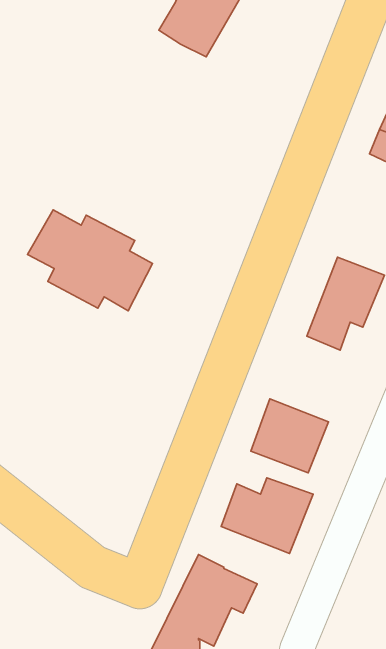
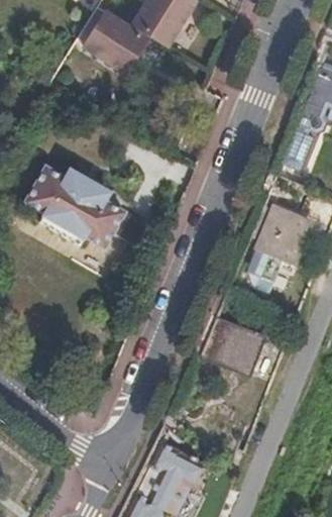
building: none -> [77,6,148,75]
building: [221,478,313,553] -> none

